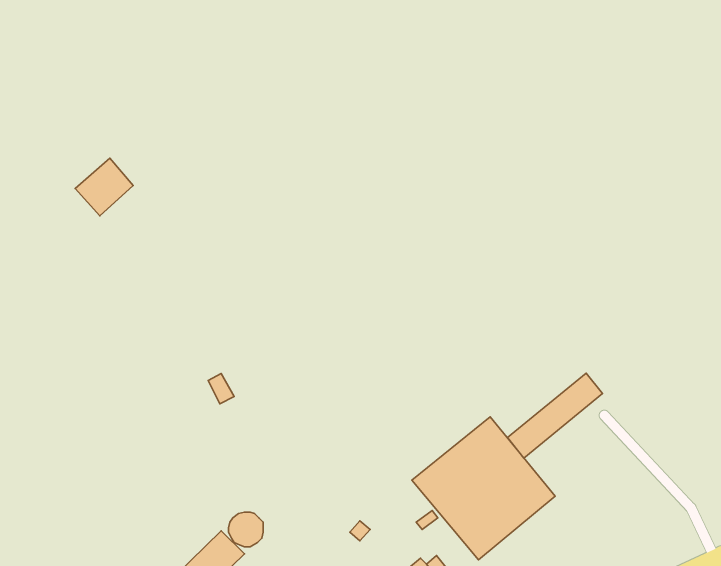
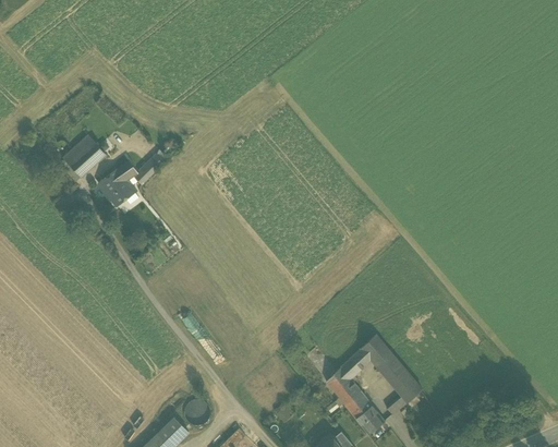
building: none -> [96,165,140,212]
building: [508,373,603,458] -> none

